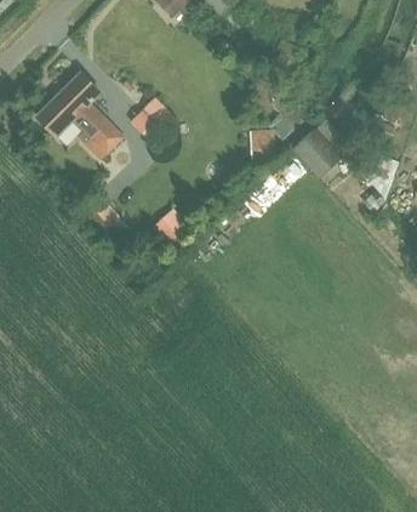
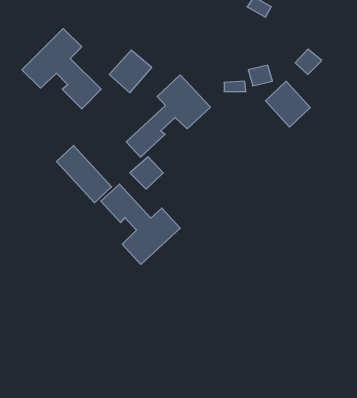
building: none -> [126,75,210,157]
building: none -> [101,184,180,264]

